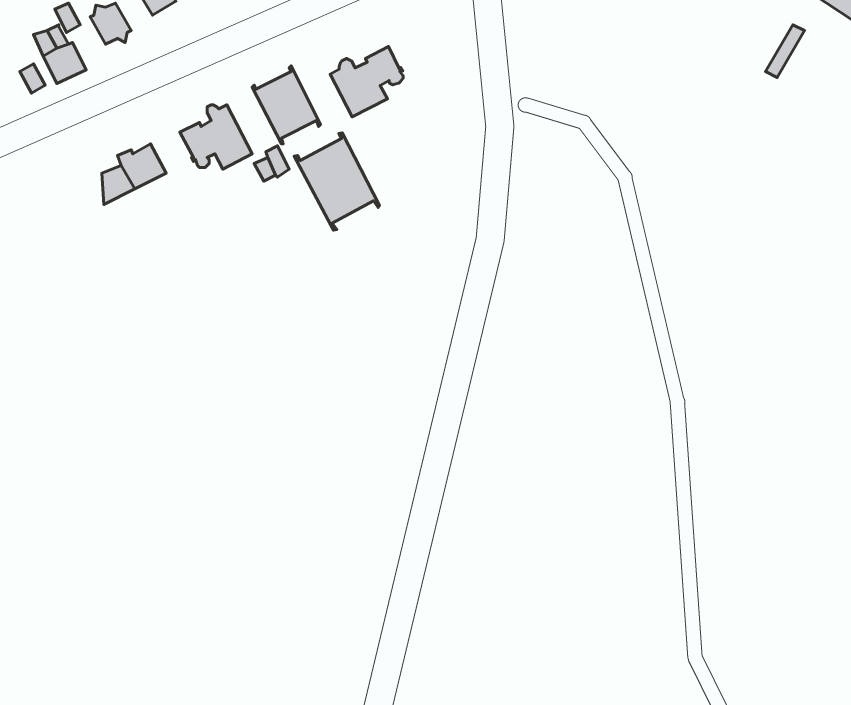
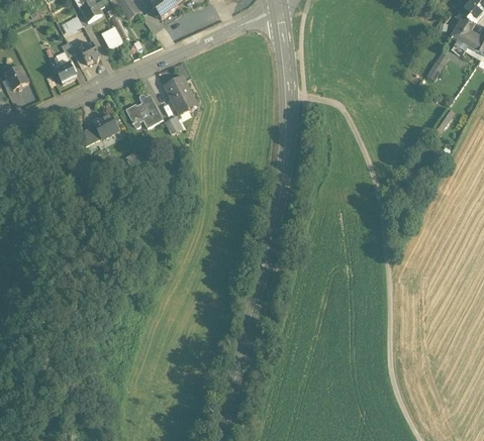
building: [330,46,403,117] -> none
building: [294,133,380,230] -> none

